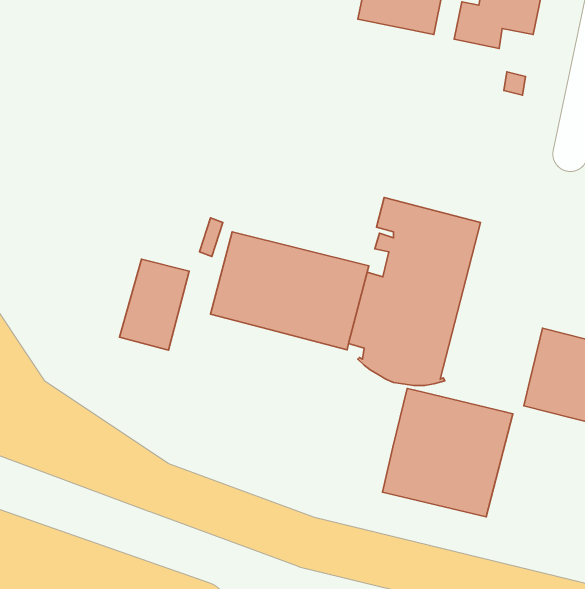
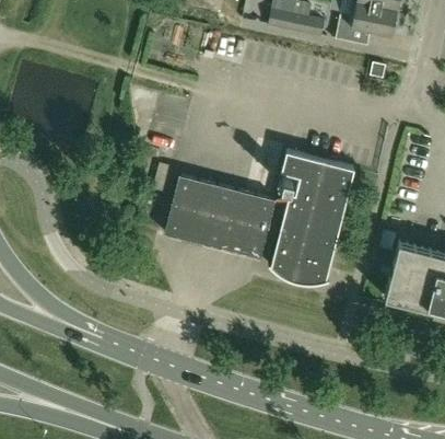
building: [120,259,189,350] -> none
building: [382,388,513,517] -> none

